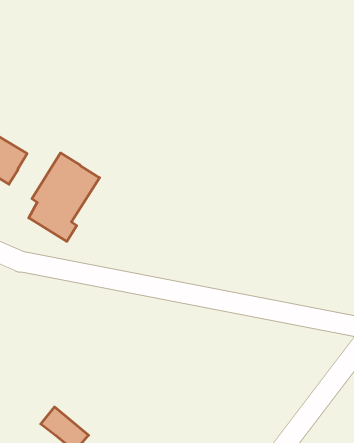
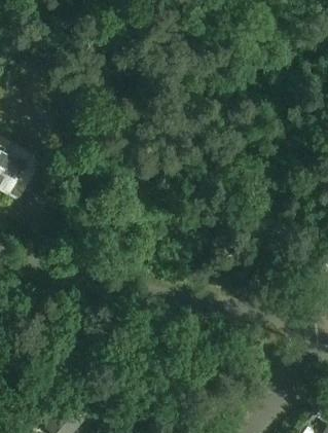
building: [29,153,100,241] -> none

